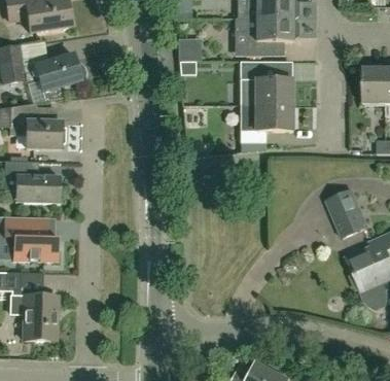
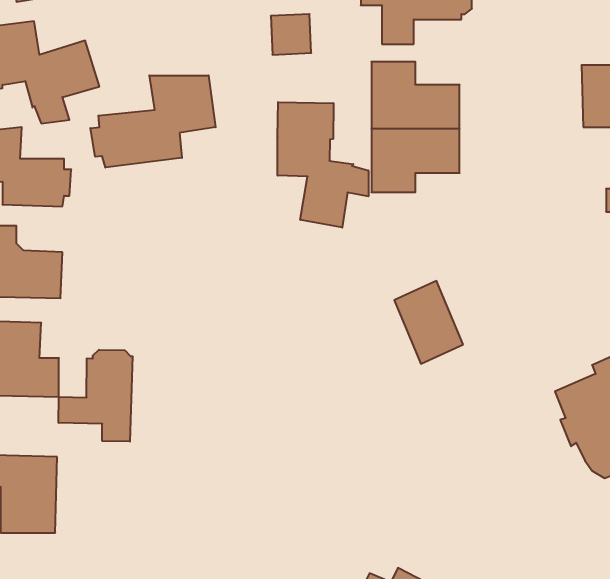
building: none -> [90,75,216,168]
building: none -> [278,102,368,228]
building: [327,188,367,237] -> [394,281,463,364]
building: none -> [59,350,133,442]

